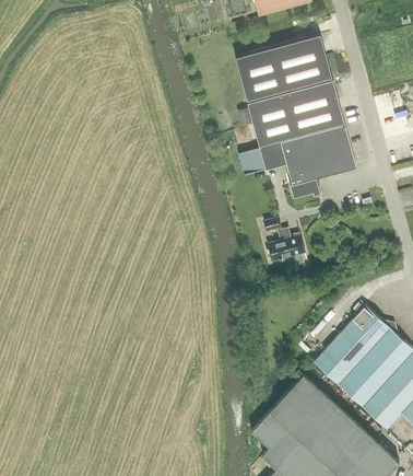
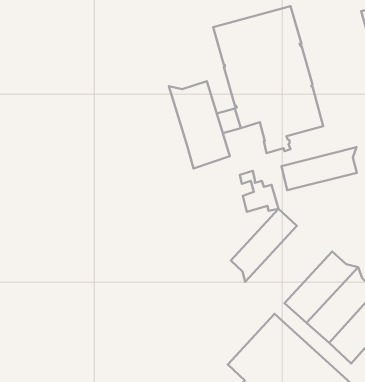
building: none -> [169,81,230,168]
building: none -> [282,147,357,190]
building: none -> [231,209,297,282]

